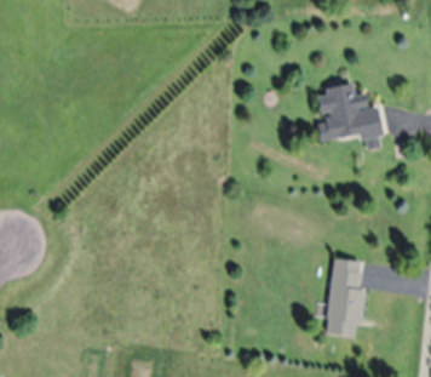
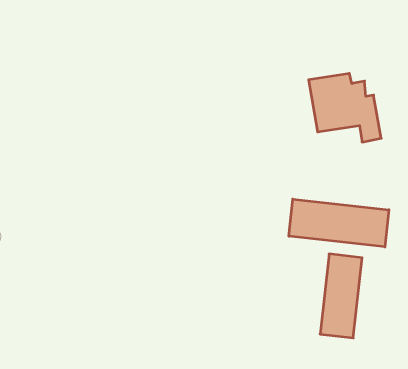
building: none -> [289,199,389,247]

